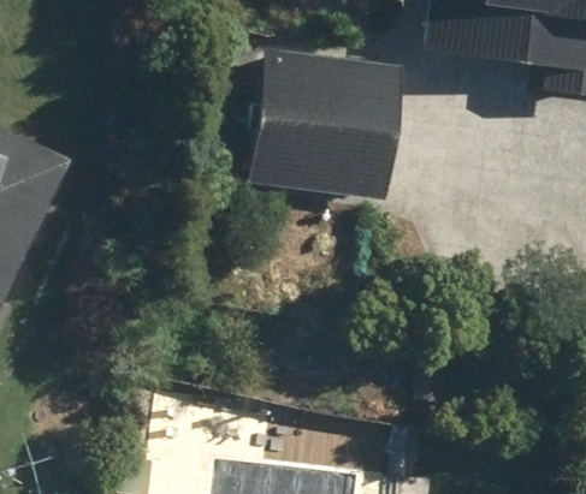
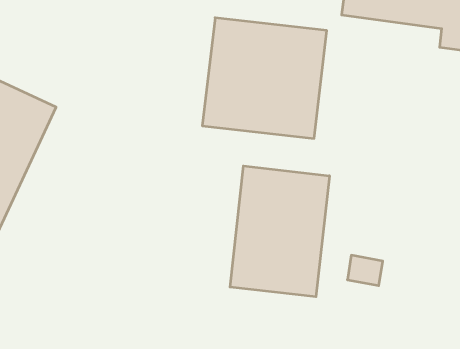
building: none -> [230,166,329,297]

